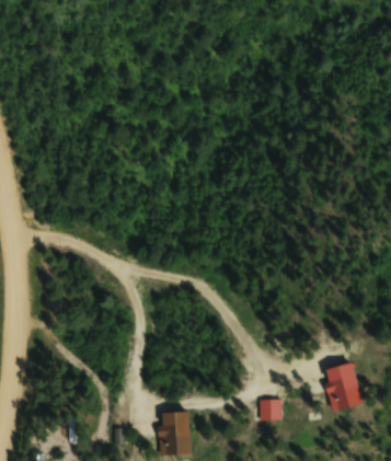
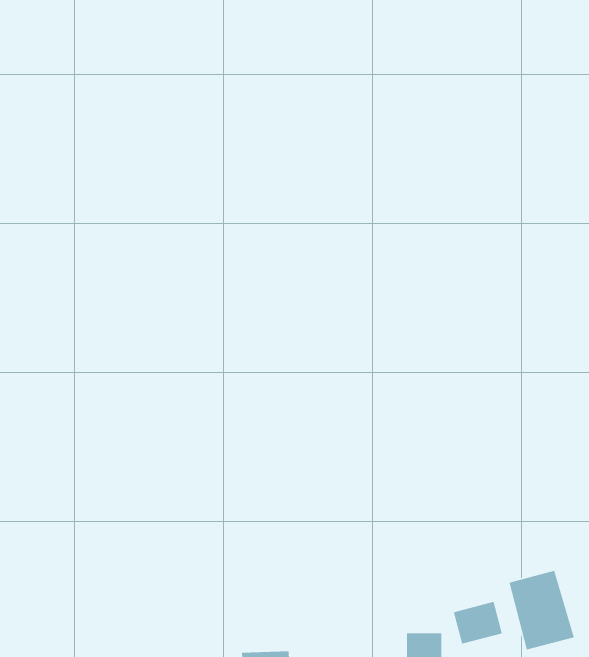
building: none -> [453,601,503,645]

